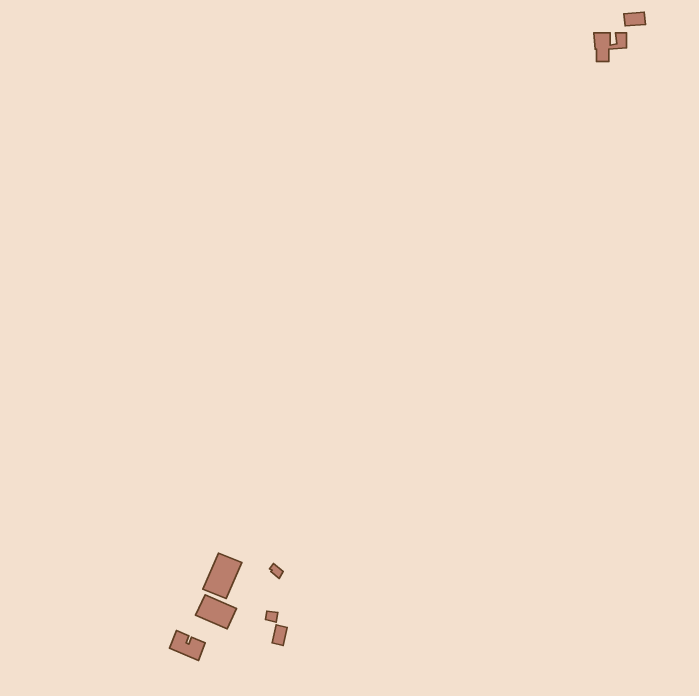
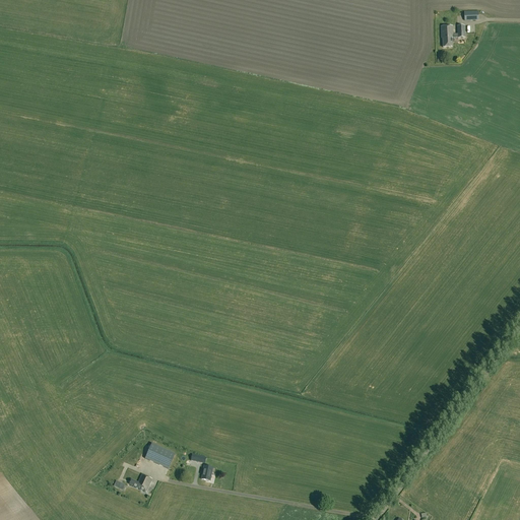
building: [203,553,242,598] -> none

